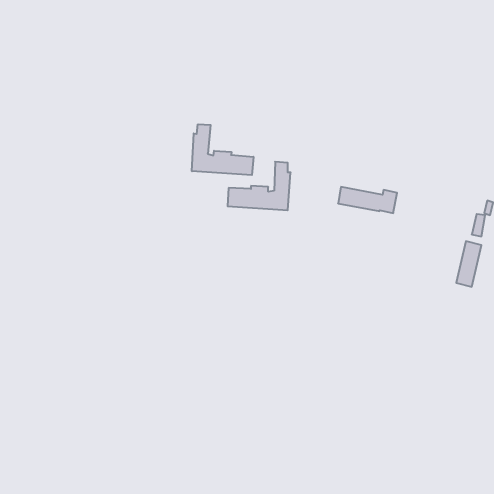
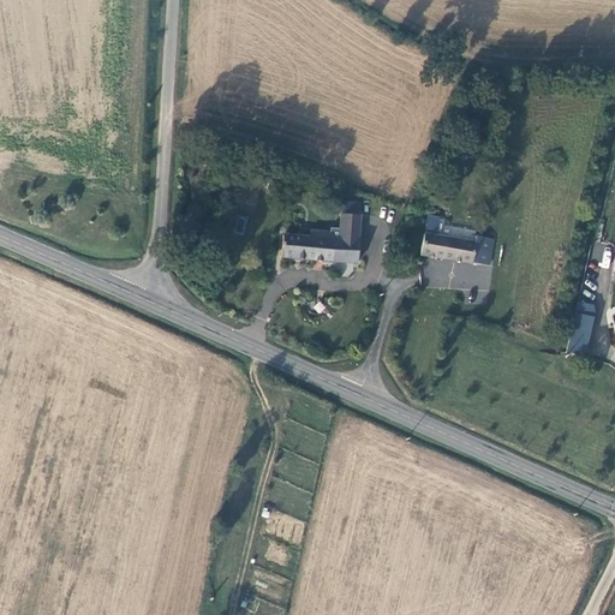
building: [192,124,253,175] -> none

